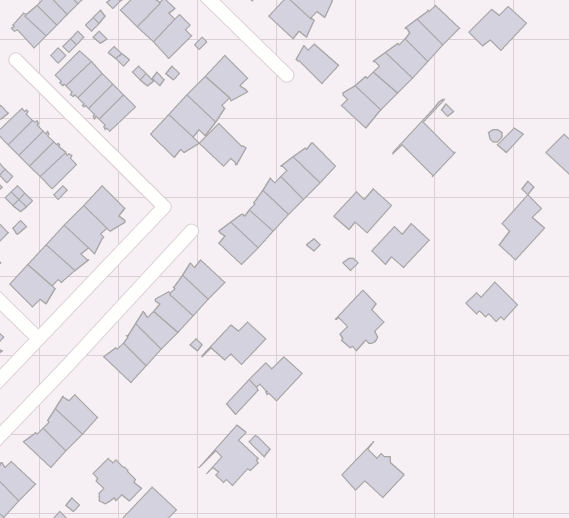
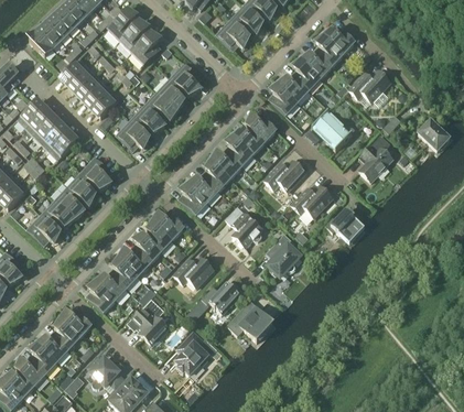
building: [469,7,526,50] -> [348,69,390,101]
building: [296,44,339,84] -> [246,113,277,142]
building: [199,124,246,166] -> [116,119,150,150]
building: [499,195,544,260] -> [359,133,392,181]
building: none -> [226,206,261,250]
building: [466,282,517,321] -> [325,208,363,237]
building: none -> [87,281,116,312]
building: none -> [125,297,169,344]
building: [342,442,404,498] -> [227,300,272,340]
building: none -> [29,343,57,373]

